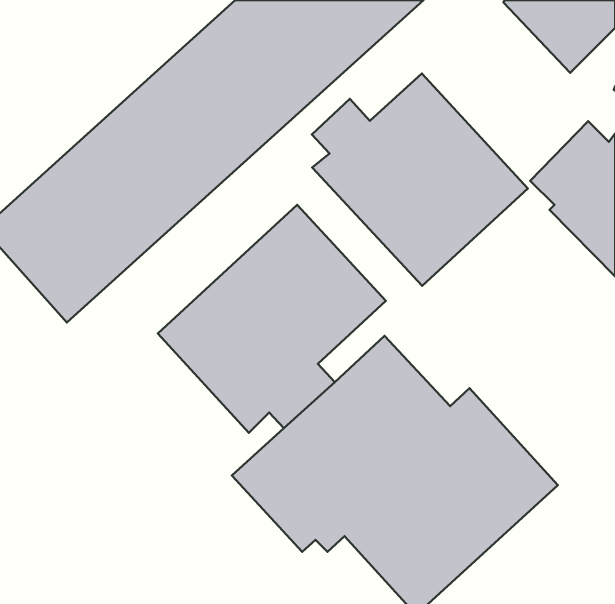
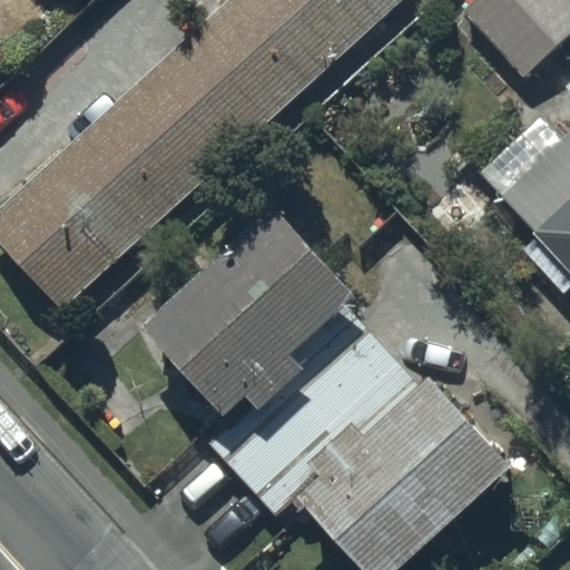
building: [312,73,528,286] -> none

